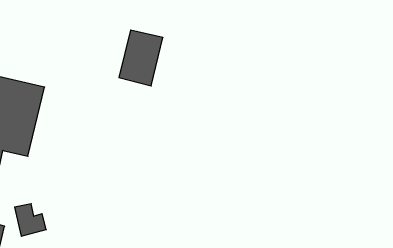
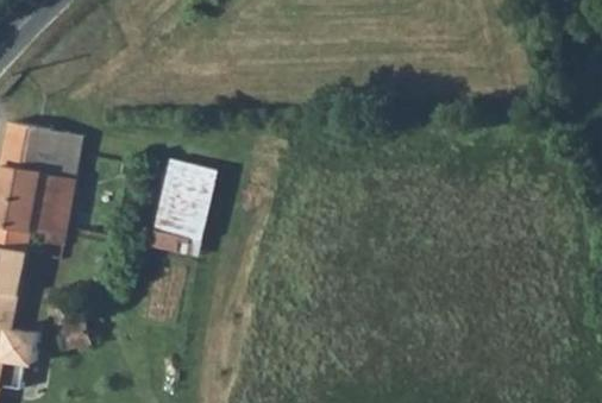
building: [119,30,163,86] -> [153,170,217,250]

